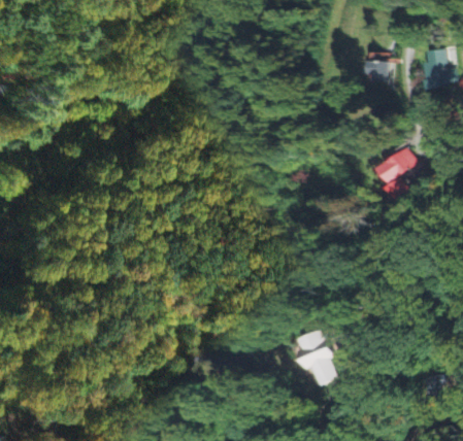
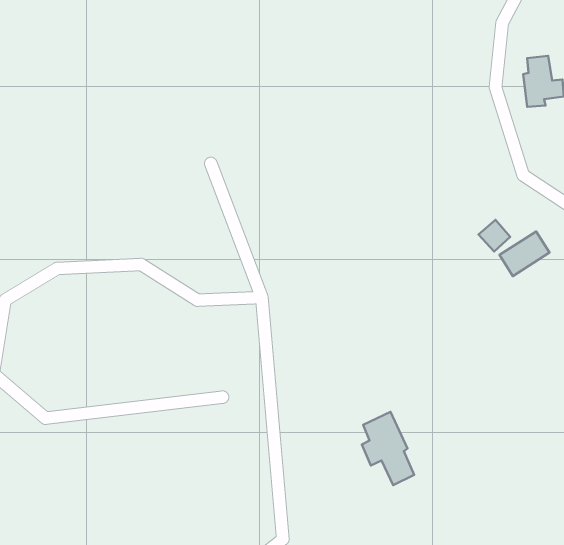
building: [369,55,387,83] -> none
building: [379,147,419,182] -> [500,231,549,276]

